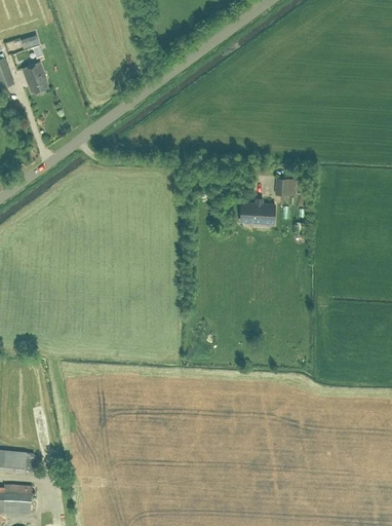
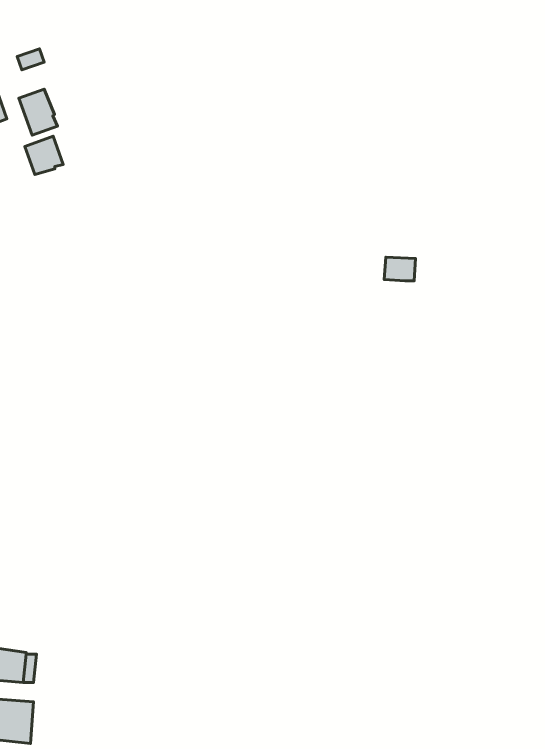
building: none -> [25,136,63,175]
building: [240,203,274,224] -> none

